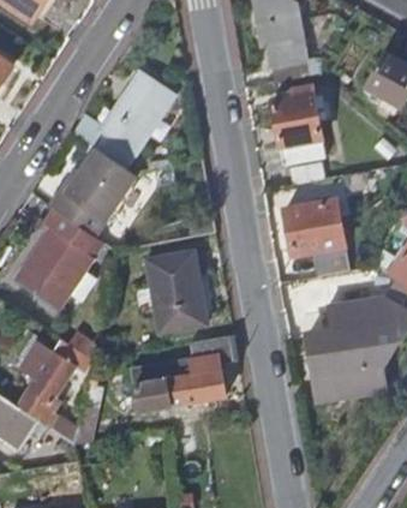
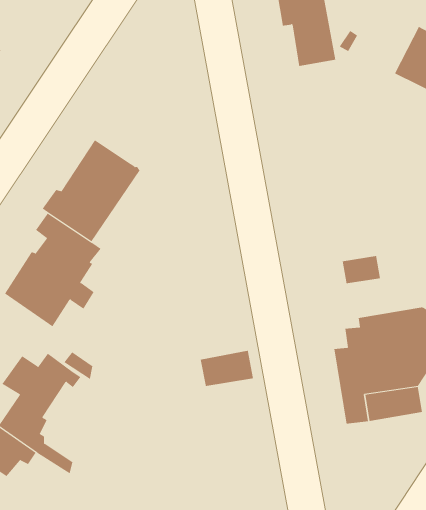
building: [94,73,173,168] -> none
building: [271,86,327,162] -> none
building: [286,199,345,255] -> none
building: [146,251,207,333] -> none
building: [128,363,225,411] -> none

